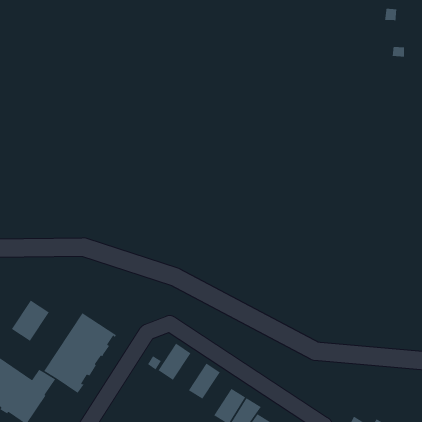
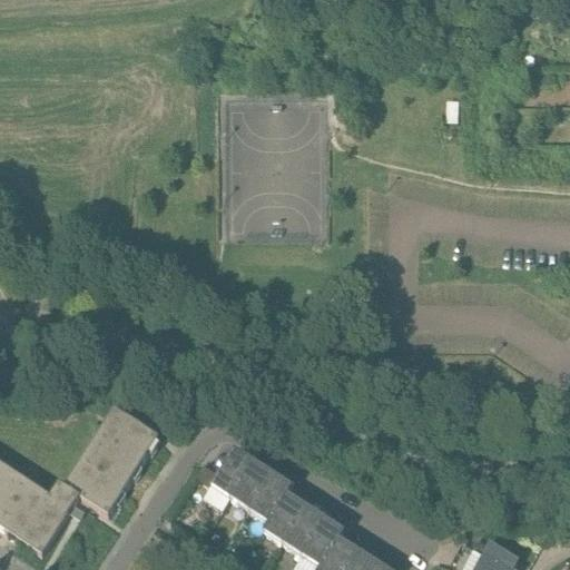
building: [11,299,50,342] -> none
building: none -> [232,460,274,508]
building: none -> [264,484,306,540]

